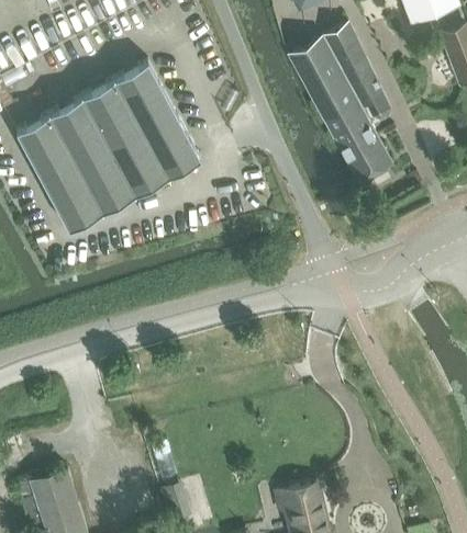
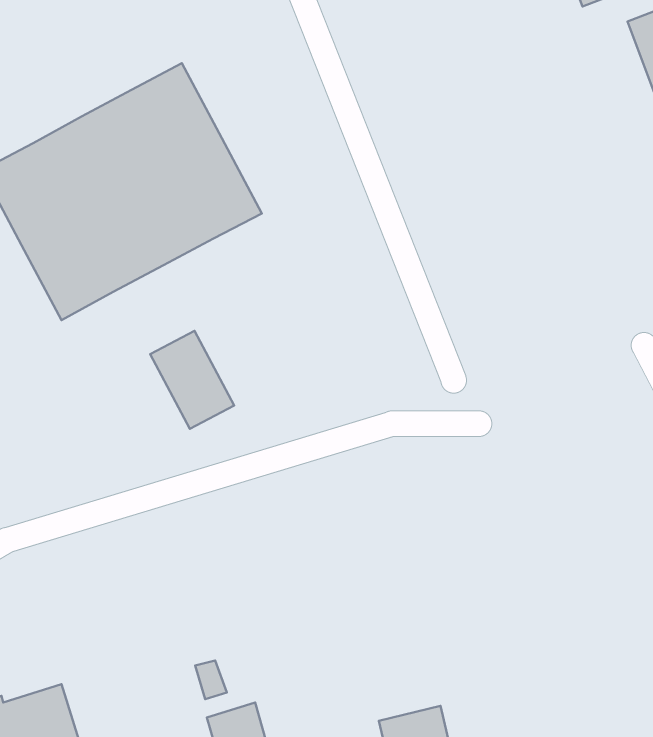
building: [290,27,393,183] -> none
building: none -> [150,331,234,429]

